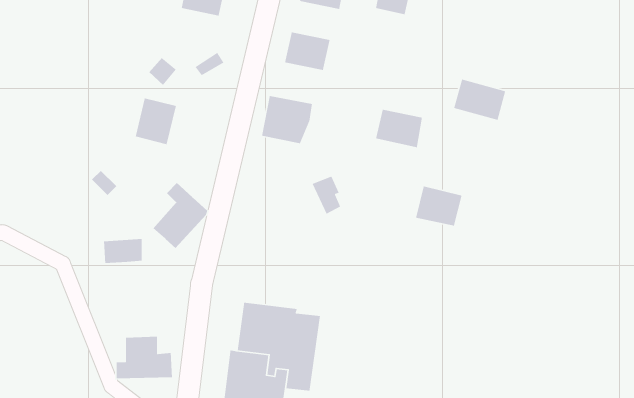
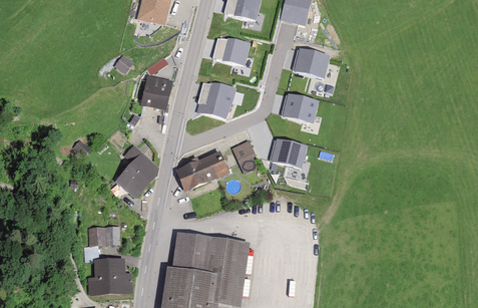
building: [453,79,506,121] -> [291,48,330,79]
building: [135,97,177,145] -> [140,75,171,110]
building: [415,186,463,226] -> [271,136,306,167]
building: none -> [176,152,226,190]
building: [103,238,142,264] -> [89,226,118,245]

